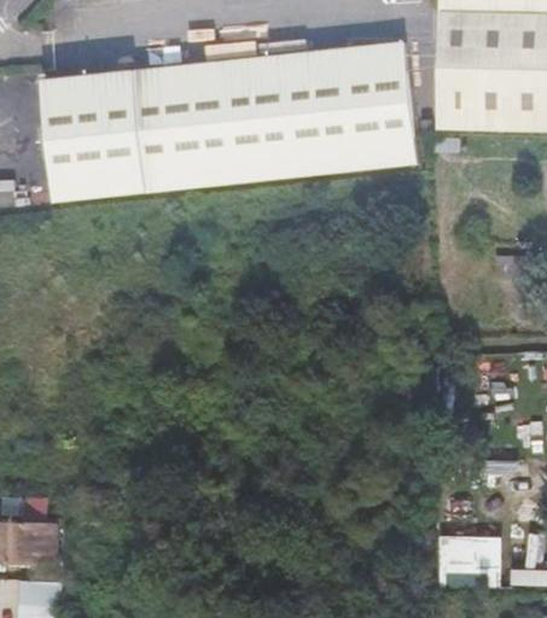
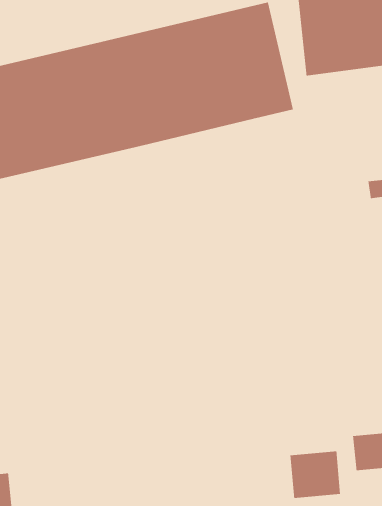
building: none -> [290,451,341,499]

